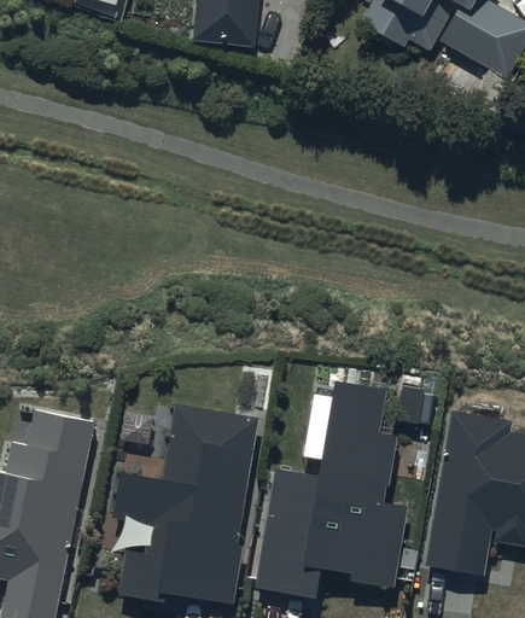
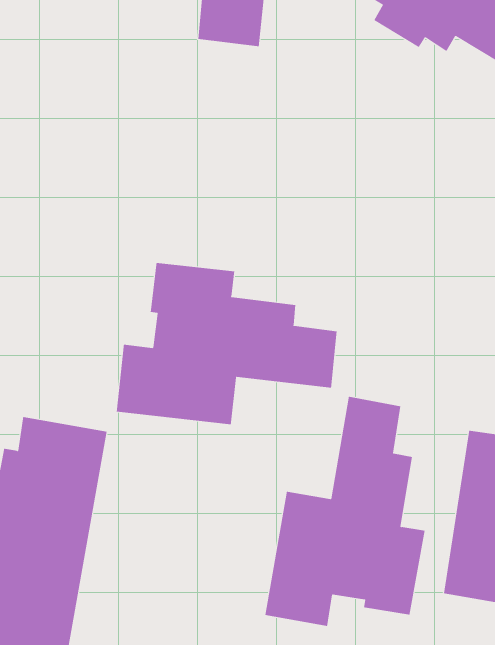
building: none -> [116,262,337,425]
building: [113,406,257,604] -> none

